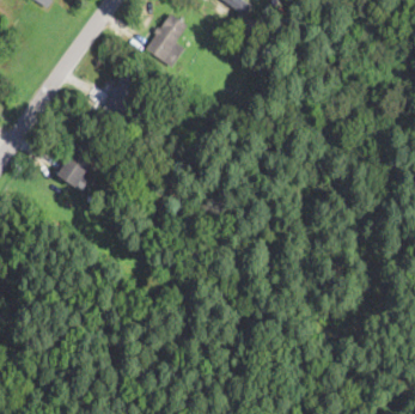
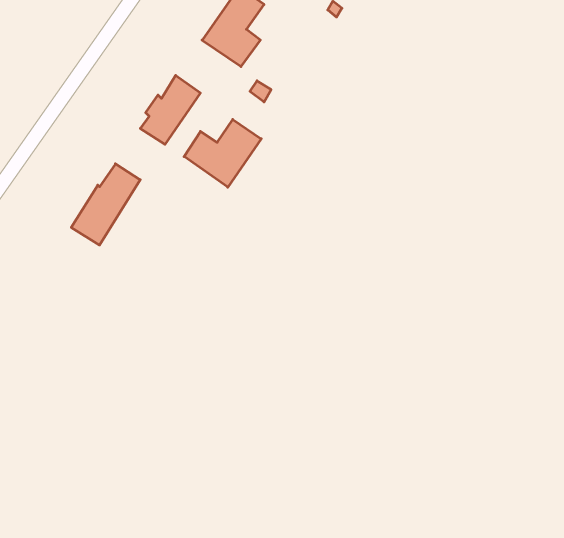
building: none -> [184,119,261,187]

